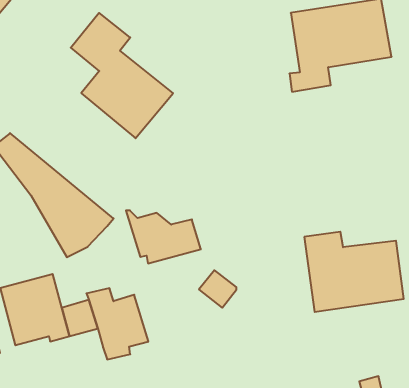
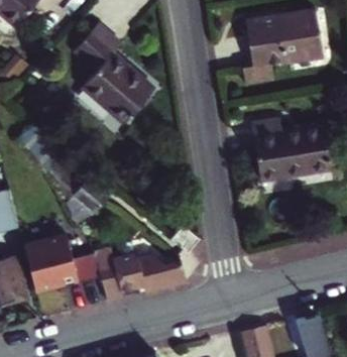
building: [126,210,201,263] -> [128,249,187,290]
building: [304,232,404,312] -> [257,125,335,188]

